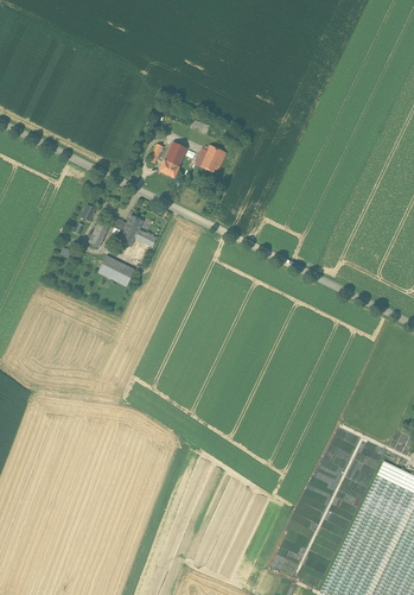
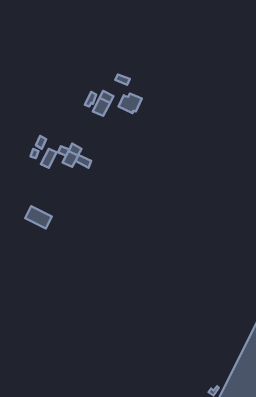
building: [97,257,134,287] -> [25,206,52,229]

